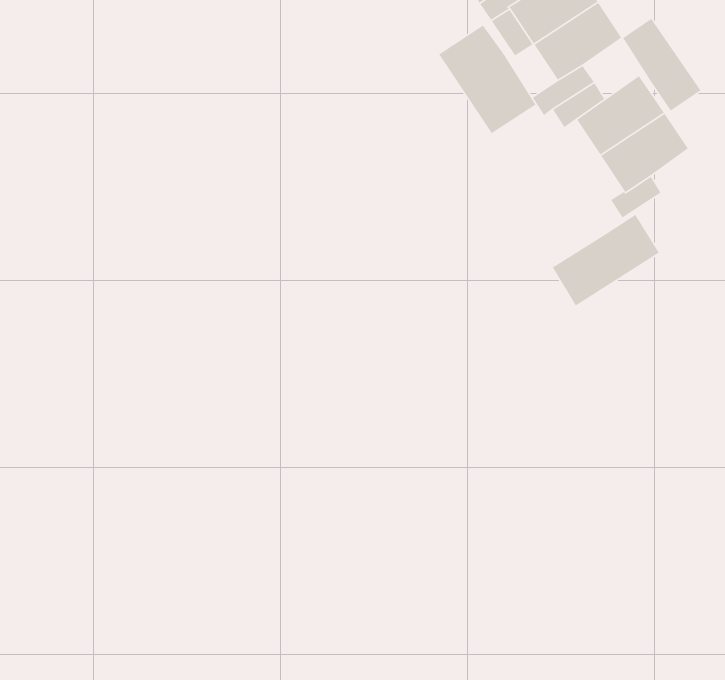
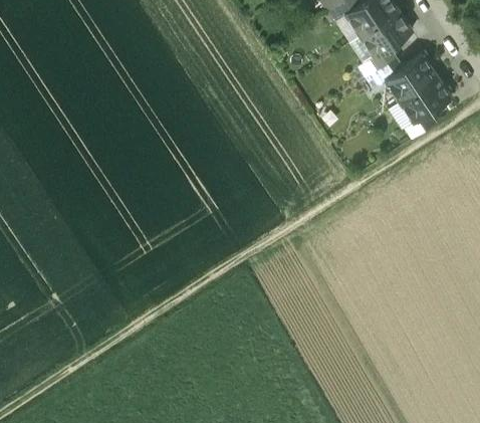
building: [622,18,702,111] -> none
building: [438,25,536,134] -> none
building: [552,214,660,306] -> none

